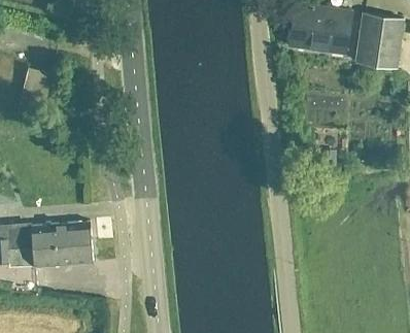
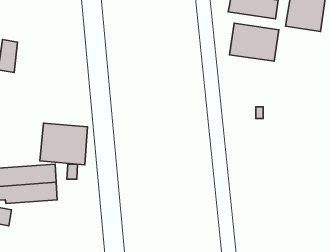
building: none -> [229,23,279,61]
building: none -> [40,123,87,165]

